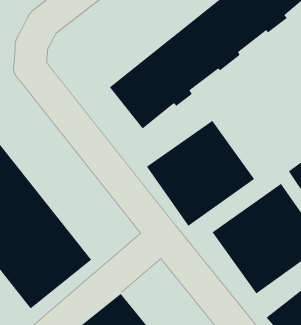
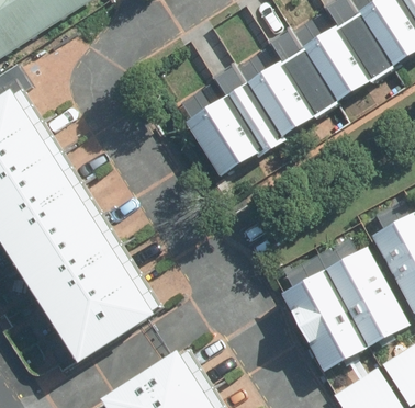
building: [146,120,255,227] -> none

